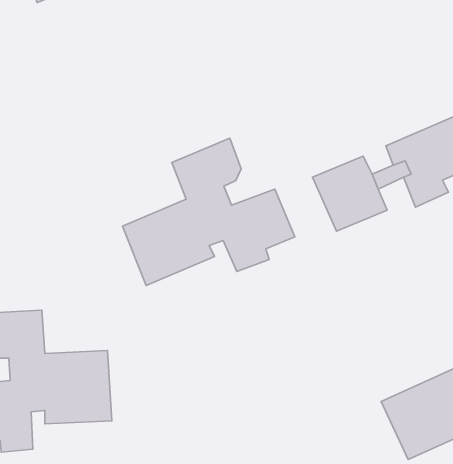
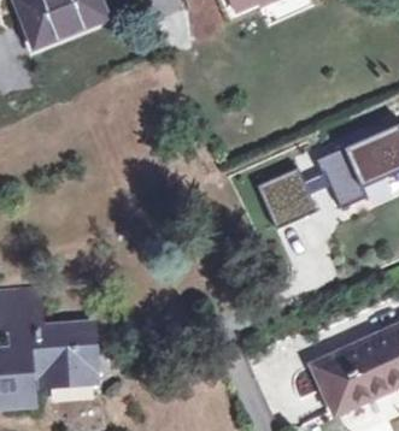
building: [122,138,295,285] -> none

